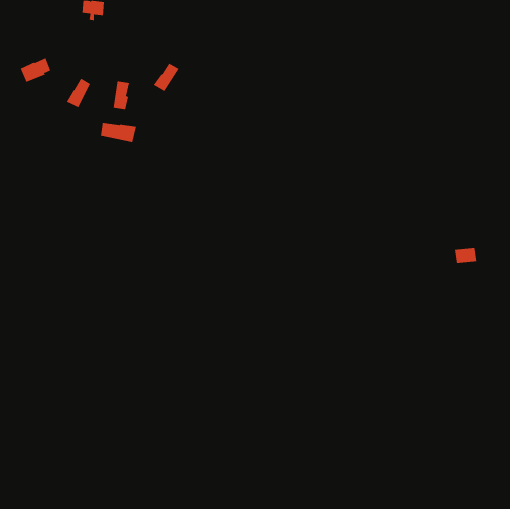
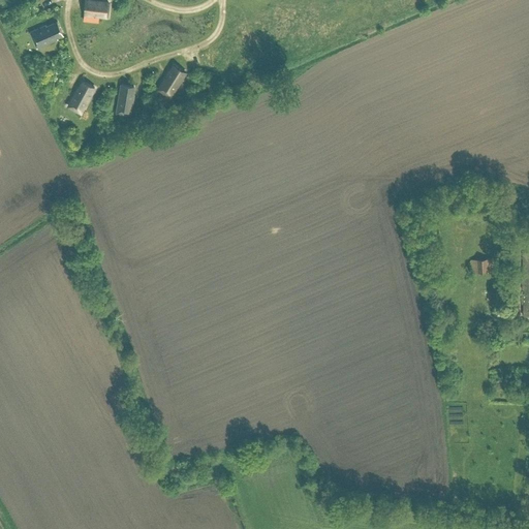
building: [20,57,51,82] -> [31,22,63,48]
building: [101,122,137,143] -> none

